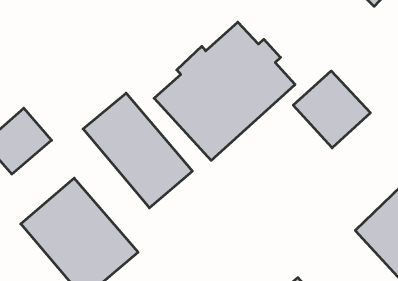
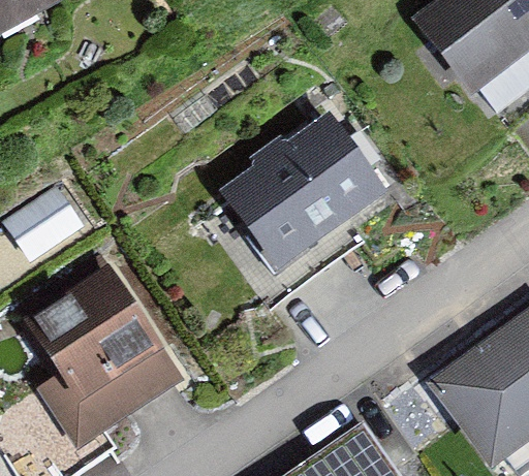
building: [293,71,370,148] -> none
building: [83,93,192,208] -> none

